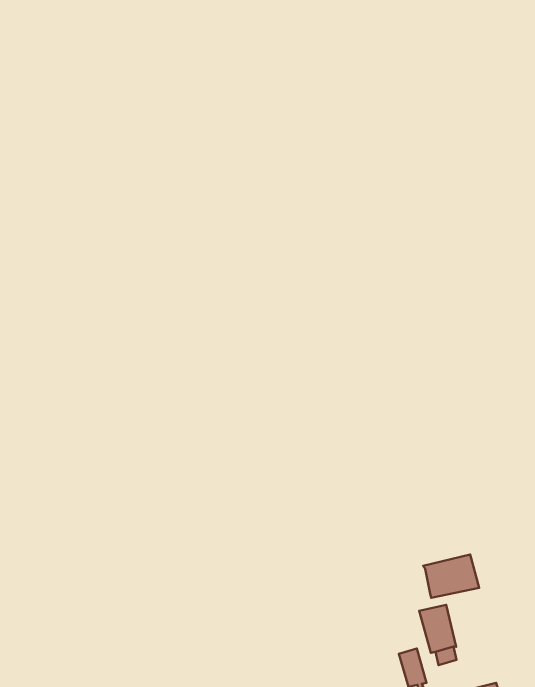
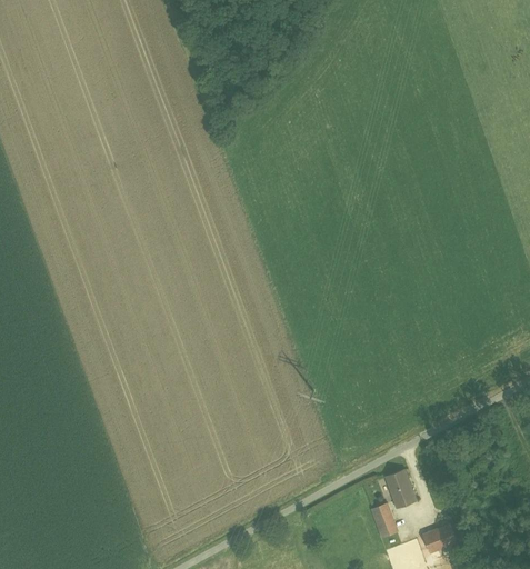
building: [423,554,479,598] -> none

